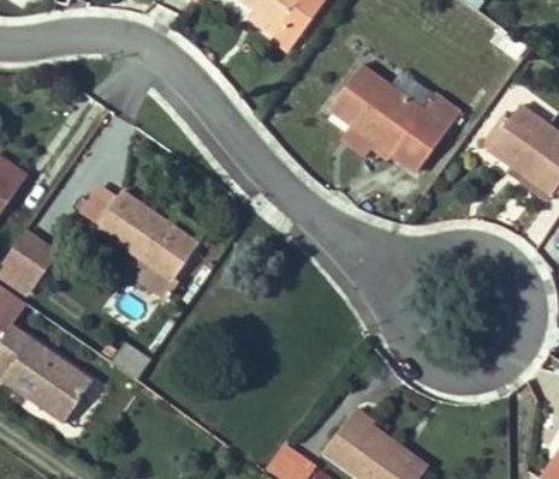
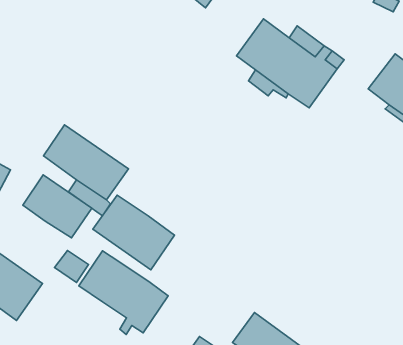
building: none -> [23,175,92,238]
building: none -> [93,195,175,270]
building: none -> [79,251,168,334]

